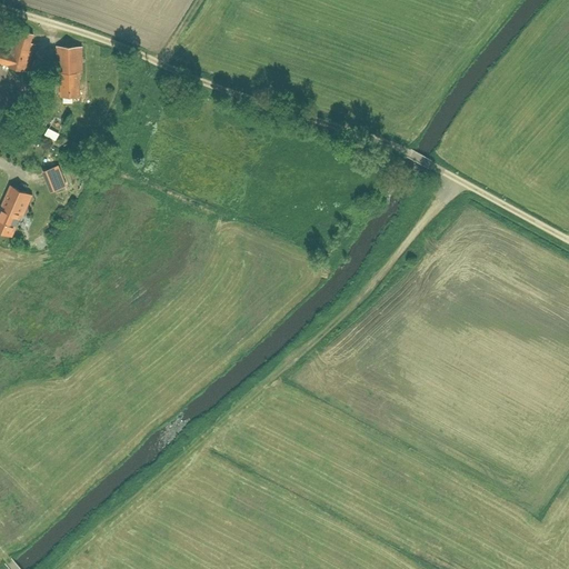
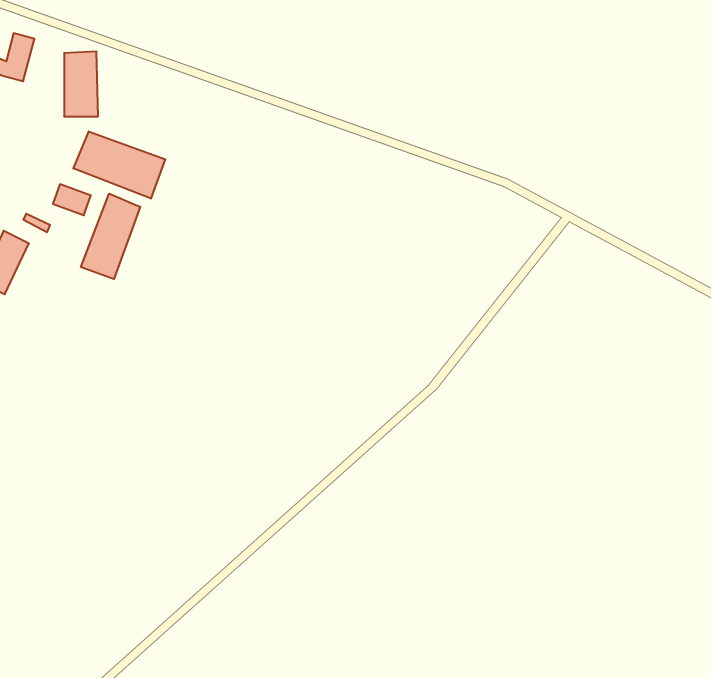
building: none -> [73,131,165,199]
building: none -> [81,194,140,279]

